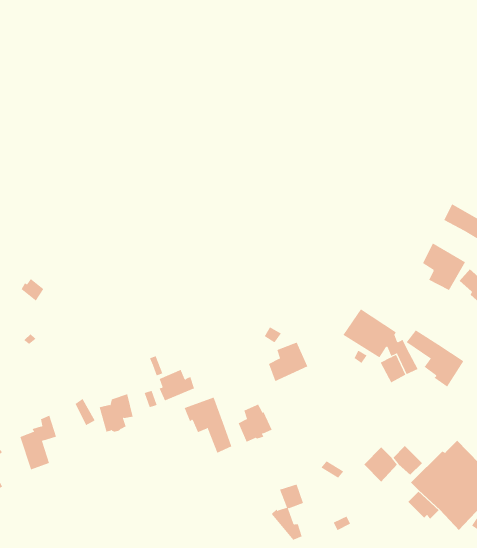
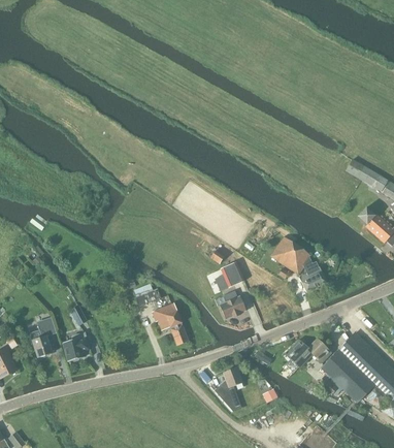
building: [422,243,466,291] -> none
building: [406,330,464,387] -> none
building: [99,394,133,432] -> [63,331,89,360]
building: [238,404,272,442] -> [220,290,245,319]

